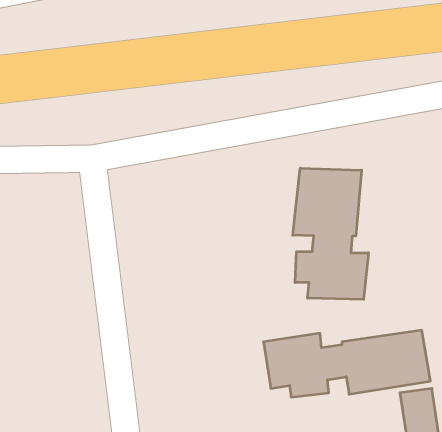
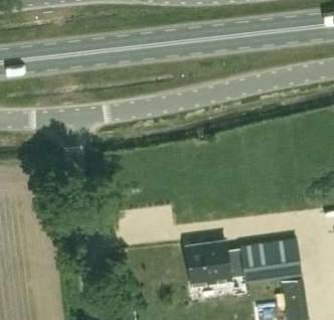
building: [293,168,368,299] -> none

